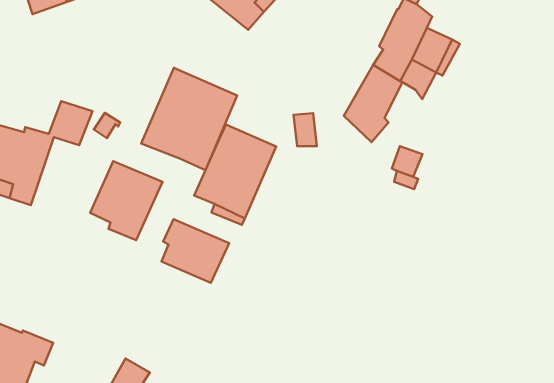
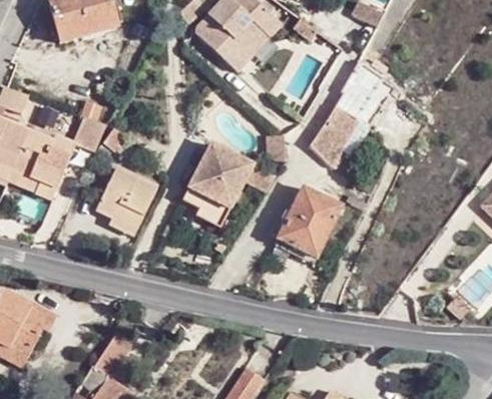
building: [141,68,237,170] -> none
building: none -> [278,187,342,259]
building: [162,219,229,283] -> none

